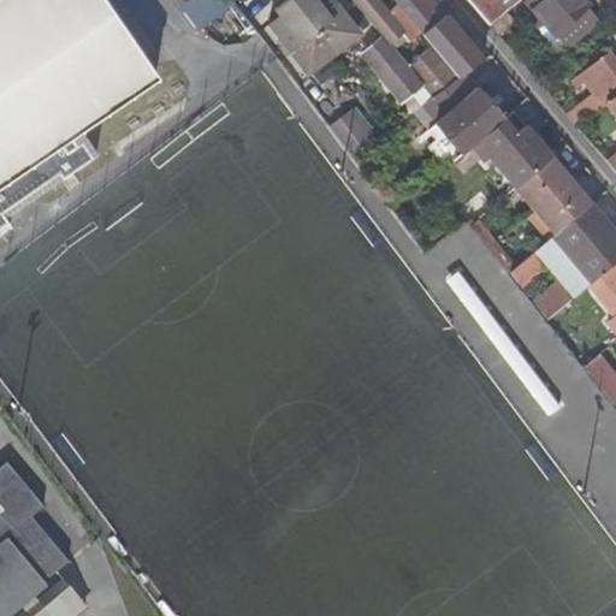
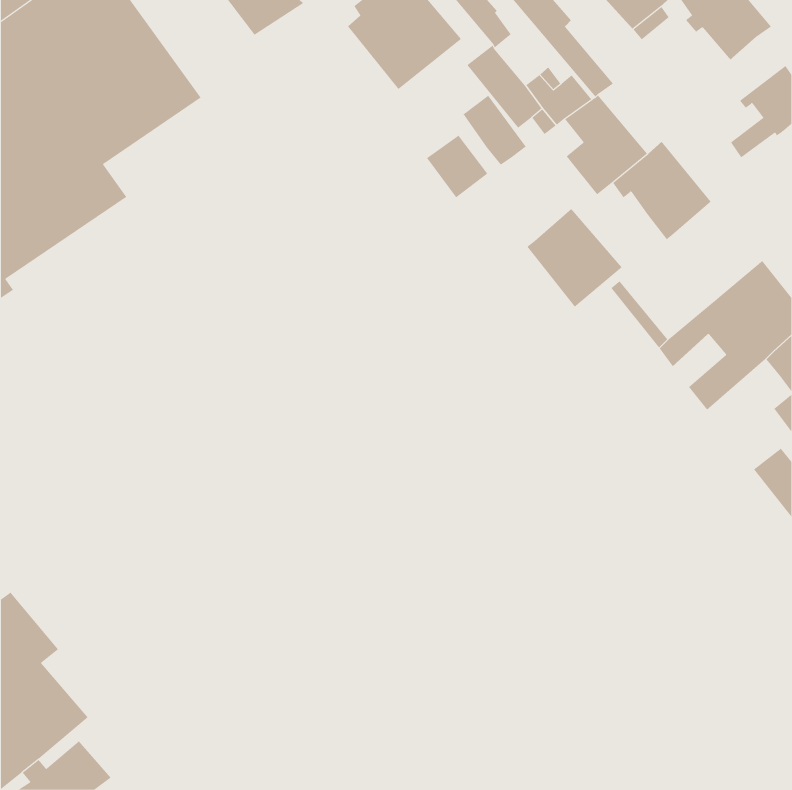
building: none -> [462,95,526,165]
building: [517,156,592,233] -> [526,208,623,307]

